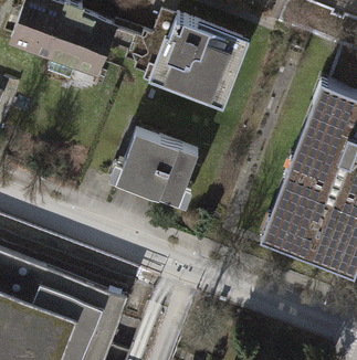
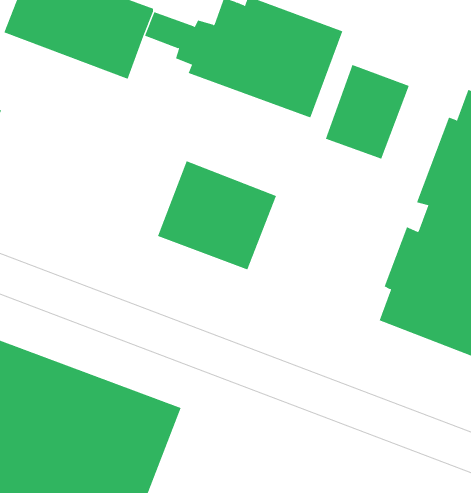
building: none -> [325,64,409,160]

